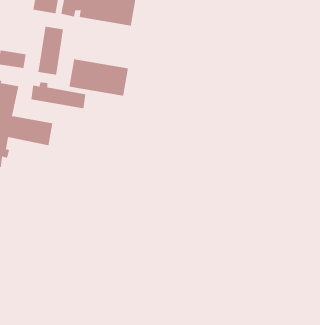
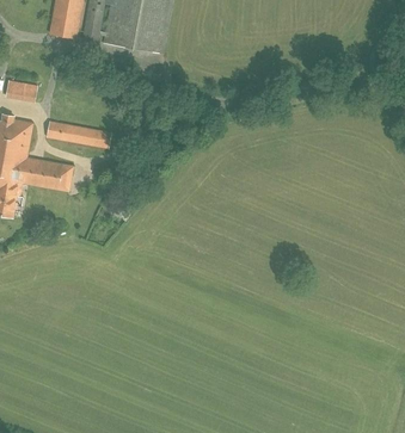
building: [38,26,64,75] -> none
building: [69,58,128,96] -> none

